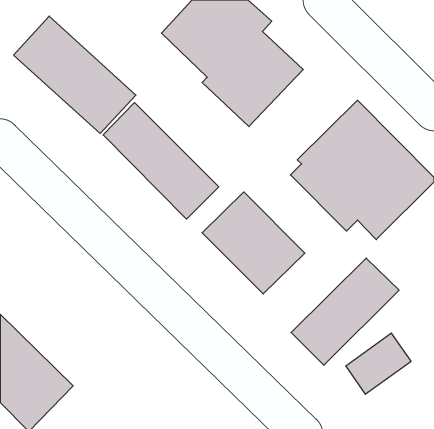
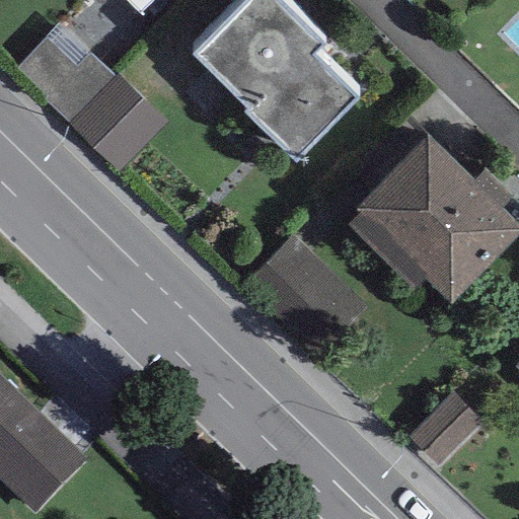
building: [103,103,219,219] -> none
building: [291,258,399,365] -> none

